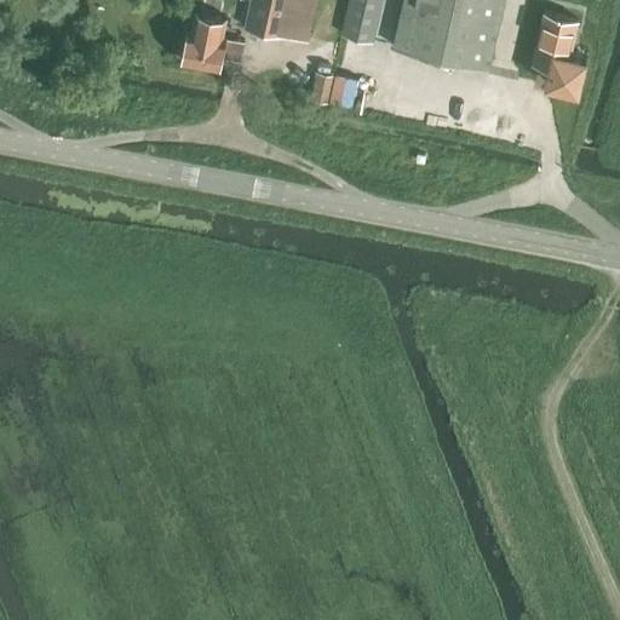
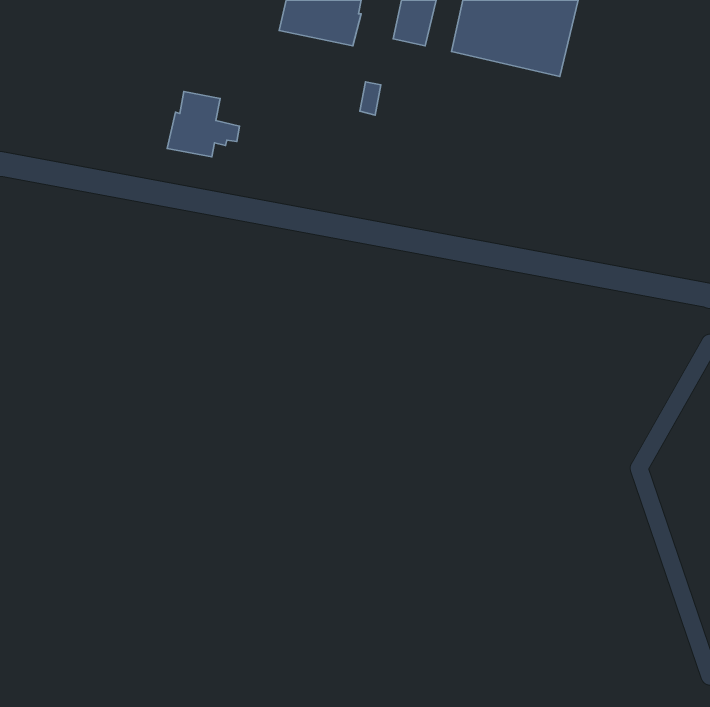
building: [532,11,587,91] -> none
building: [182,12,245,69] -> [167,91,239,157]

